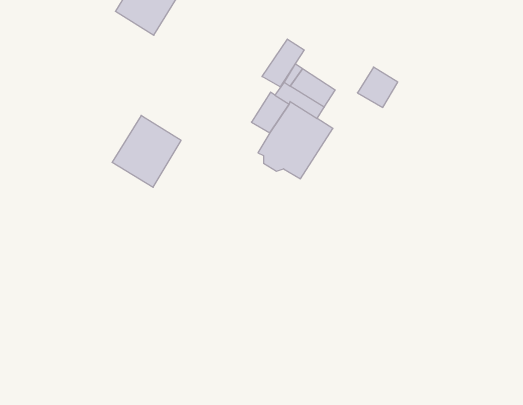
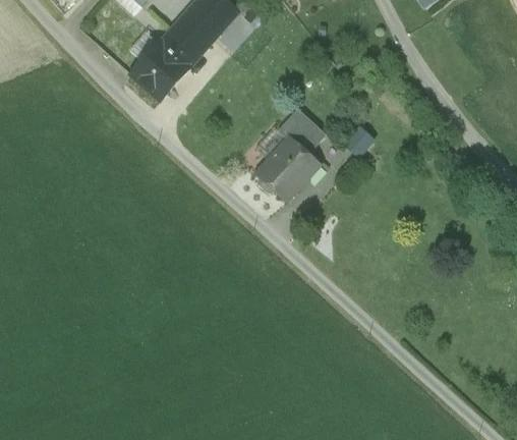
building: [262,39,304,87] -> none
building: [112,115,181,187] -> [130,41,188,100]

